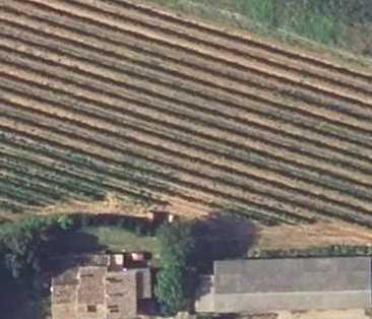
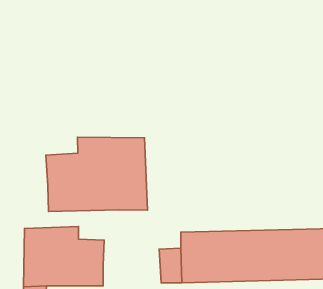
building: none -> [46,137,147,211]

